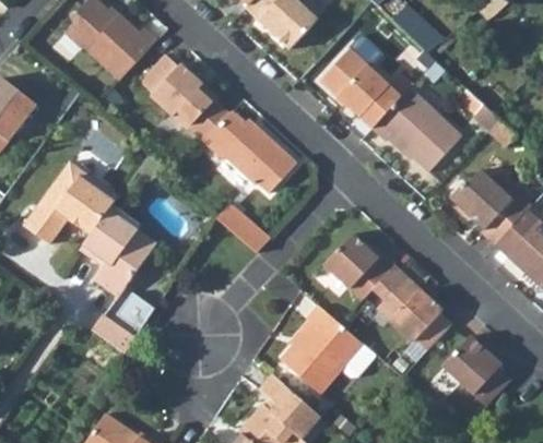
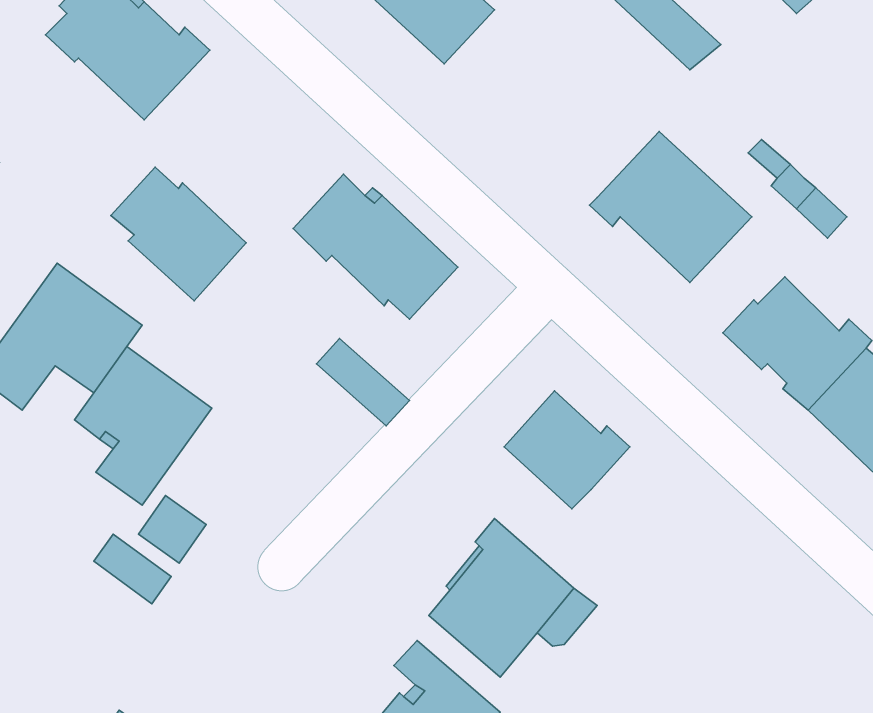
building: [319,47,412,123] -> none
building: [140,53,216,129] -> [111,167,246,301]
building: [371,264,450,349] -> none
building: [441,335,510,406] -> none

